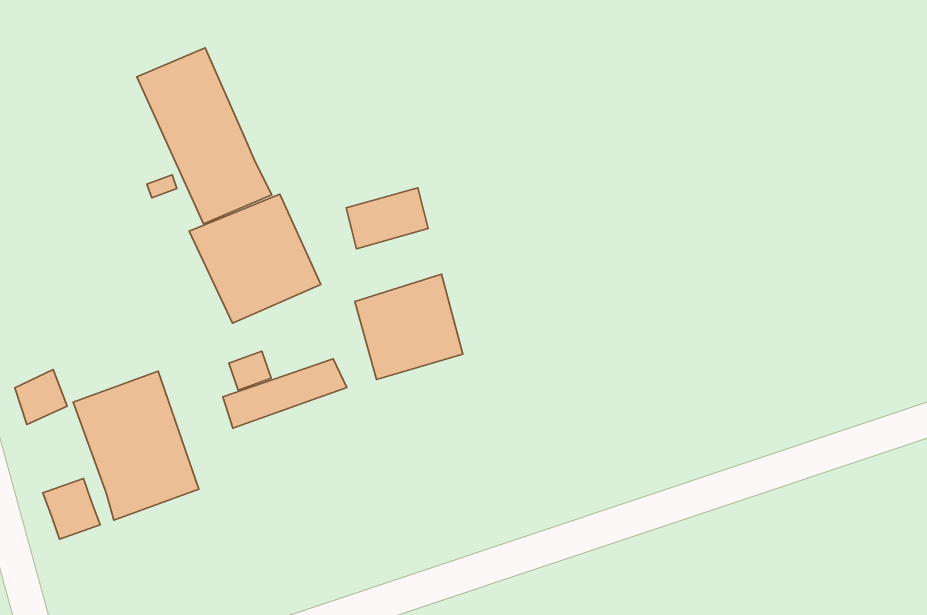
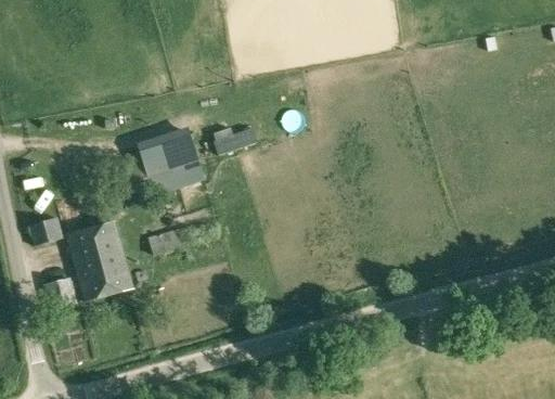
building: [137,48,272,224] -> none
building: [355,274,463,379] -> none

